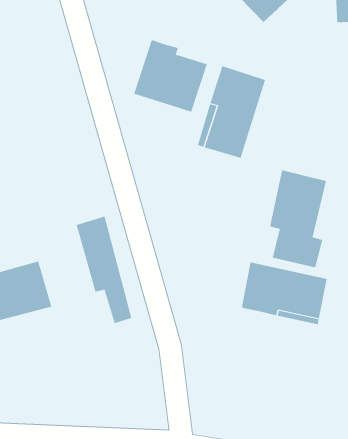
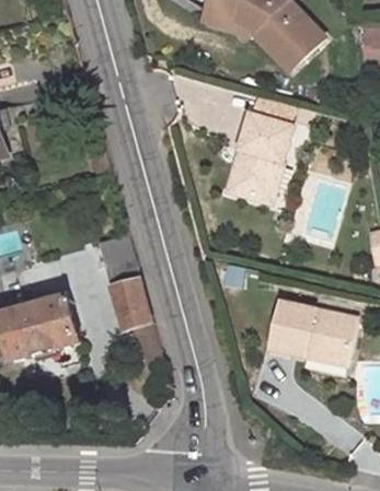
building: [133,40,207,112] -> none
building: [269,170,327,268] -> none

